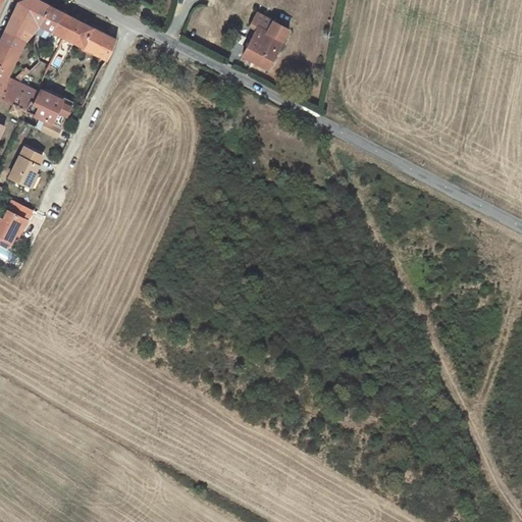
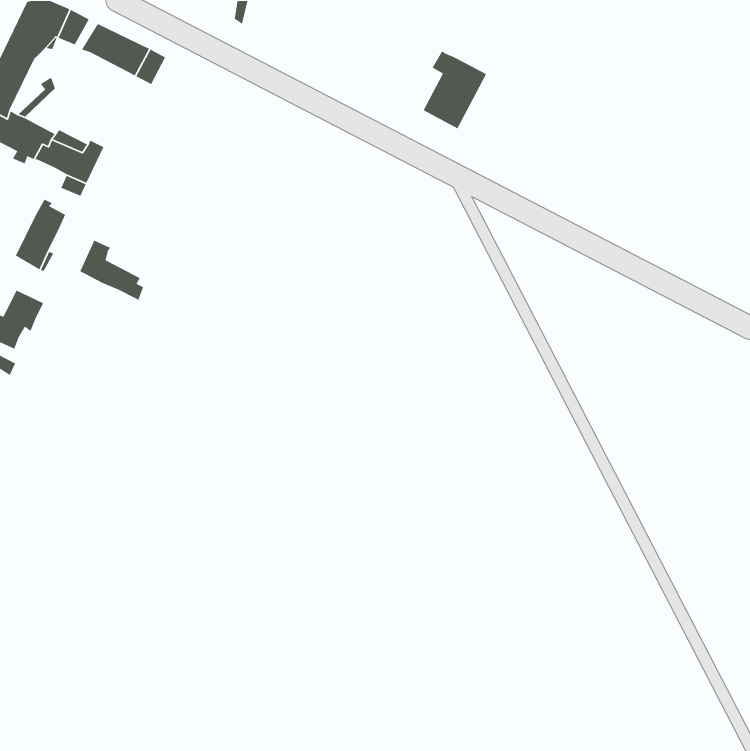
building: [243,13,288,68] -> [423,50,487,130]
building: none -> [79,239,144,302]

